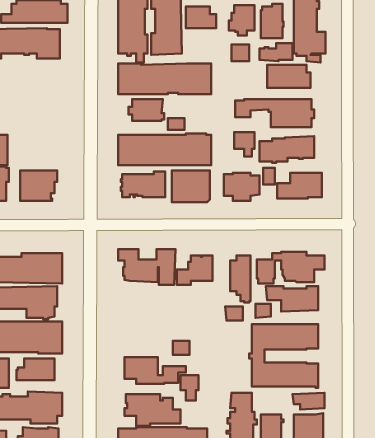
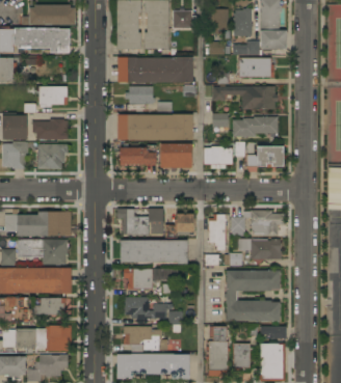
building: none -> [38,86,68,108]
building: none -> [32,119,68,140]
building: none -> [121,240,188,264]
building: none -> [124,269,153,290]

